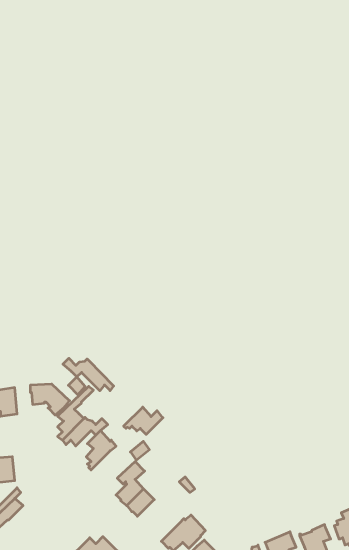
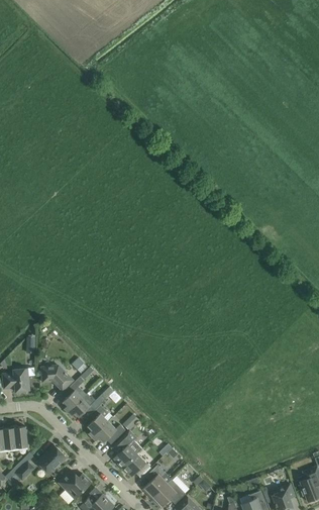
building: [63,358,114,391] -> none
building: [124,407,163,434] -> [92,422,125,445]
building: none -> [36,445,67,476]
building: none -> [142,466,171,499]
building: none -> [59,471,91,500]

